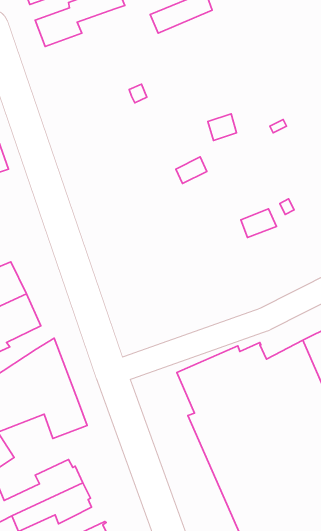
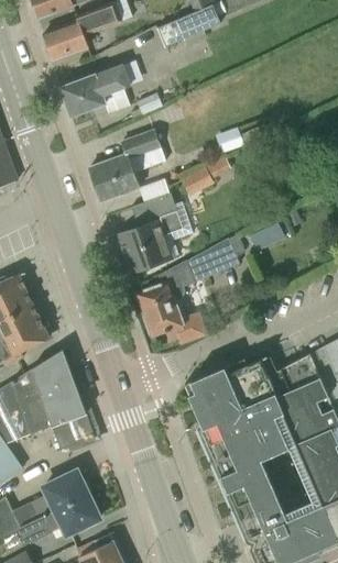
building: none -> [61,65,130,117]
building: none -> [89,130,165,201]
building: none -> [117,192,193,273]
building: none -> [137,234,243,342]

